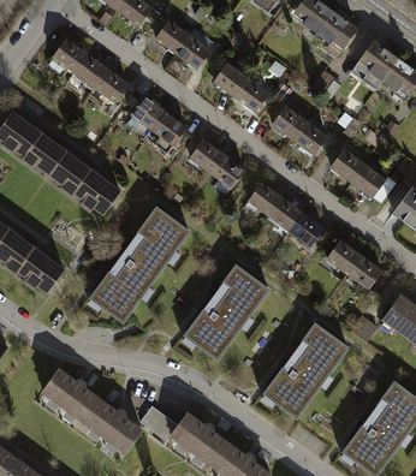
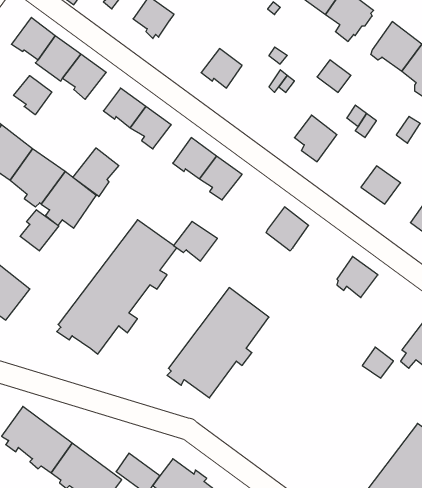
building: [174,34,209,71] -> none
building: [232,77,267,113] -> none
building: none -> [14,76,52,115]
building: [267,105,304,138] -> none
building: [326,147,359,180] -> none
building: none -> [73,148,119,197]
building: [244,183,281,216] -> [174,221,217,261]
building: none -> [20,210,59,251]
building: [289,213,323,246] -> none
building: [346,255,381,290] -> none
building: [261,325,349,418] -> none

